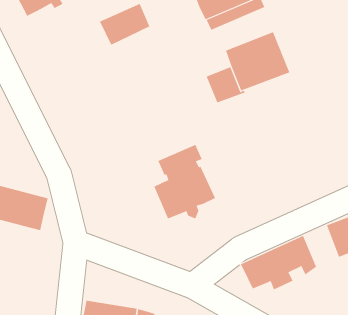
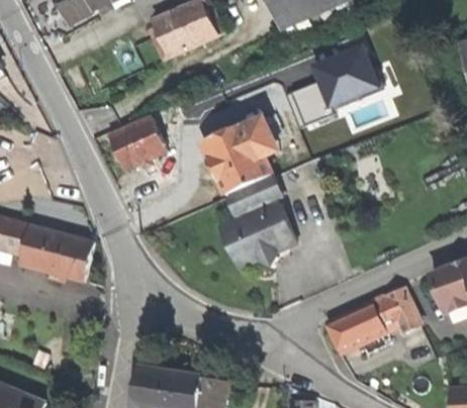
building: none -> [108,115,166,169]
building: none -> [202,116,271,193]

